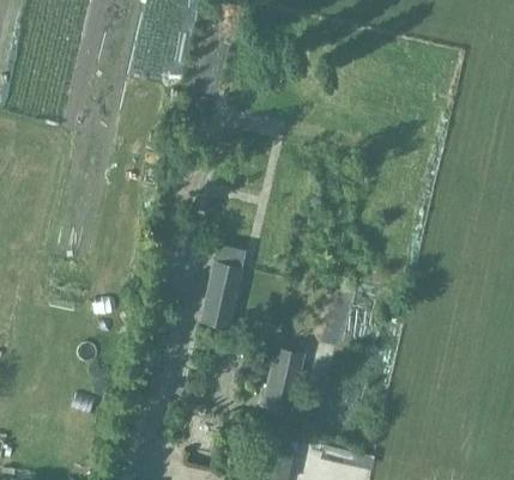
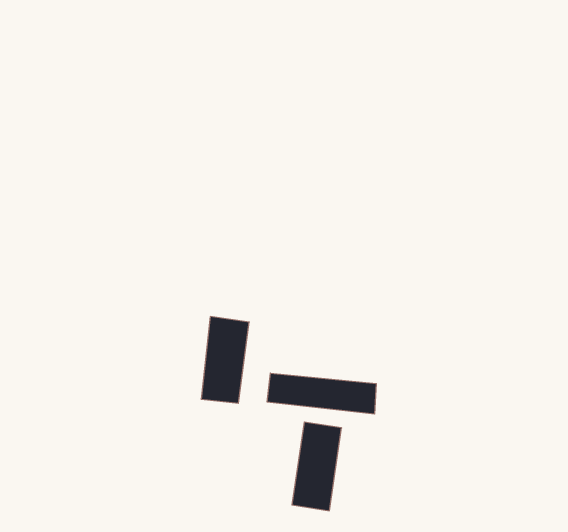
building: none -> [267,373,376,414]

